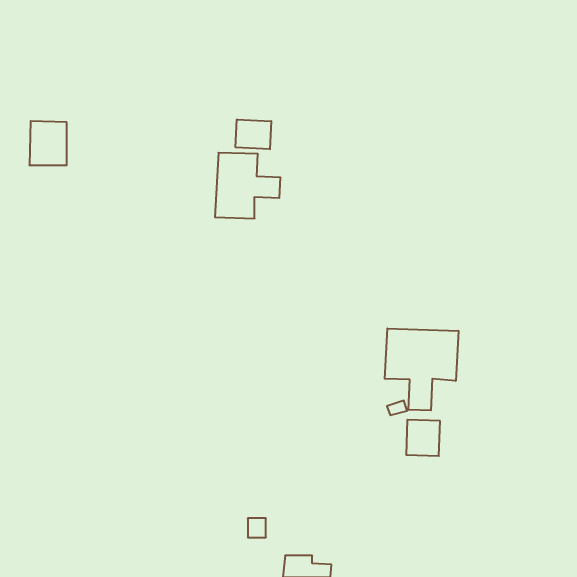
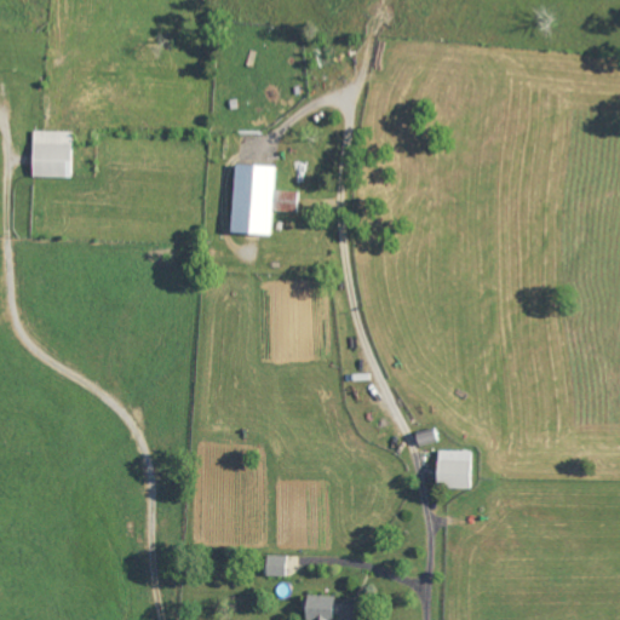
building: [236,119,271,149] -> none
building: [385,328,458,410] -> none

